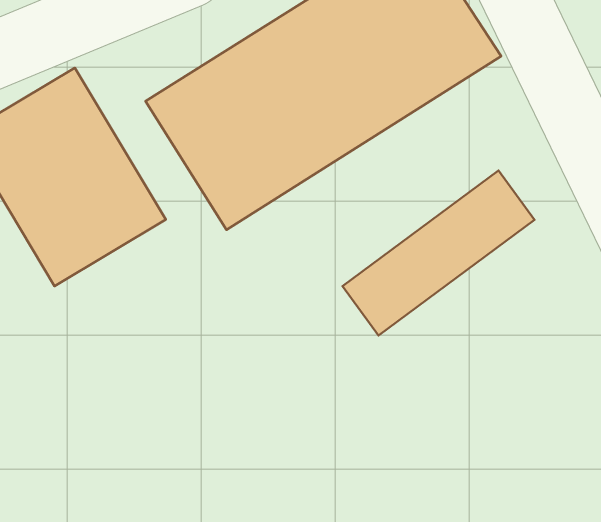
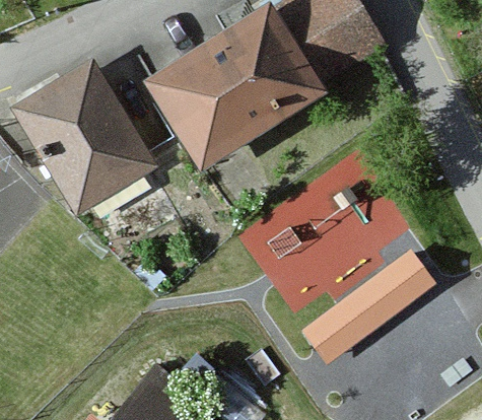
building: [342,171,535,336] -> [314,243,449,359]

